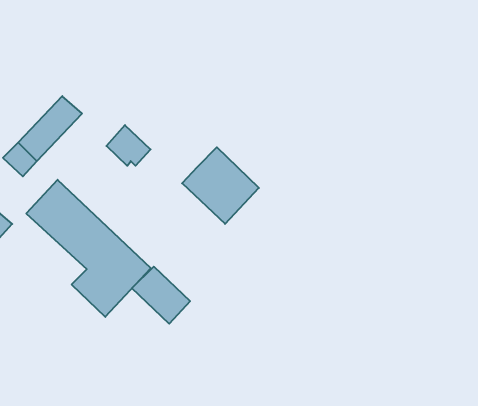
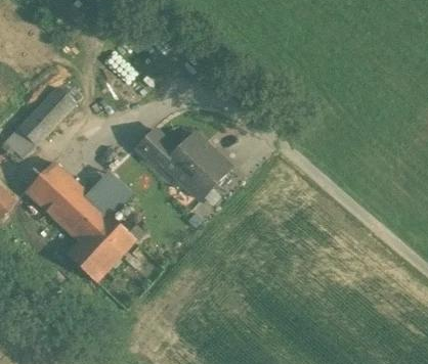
building: [106,125,151,166] -> [137,128,176,164]
building: [132,267,190,324] -> none

